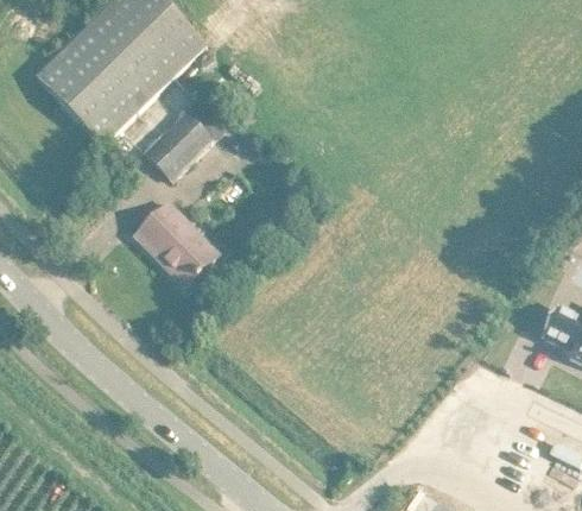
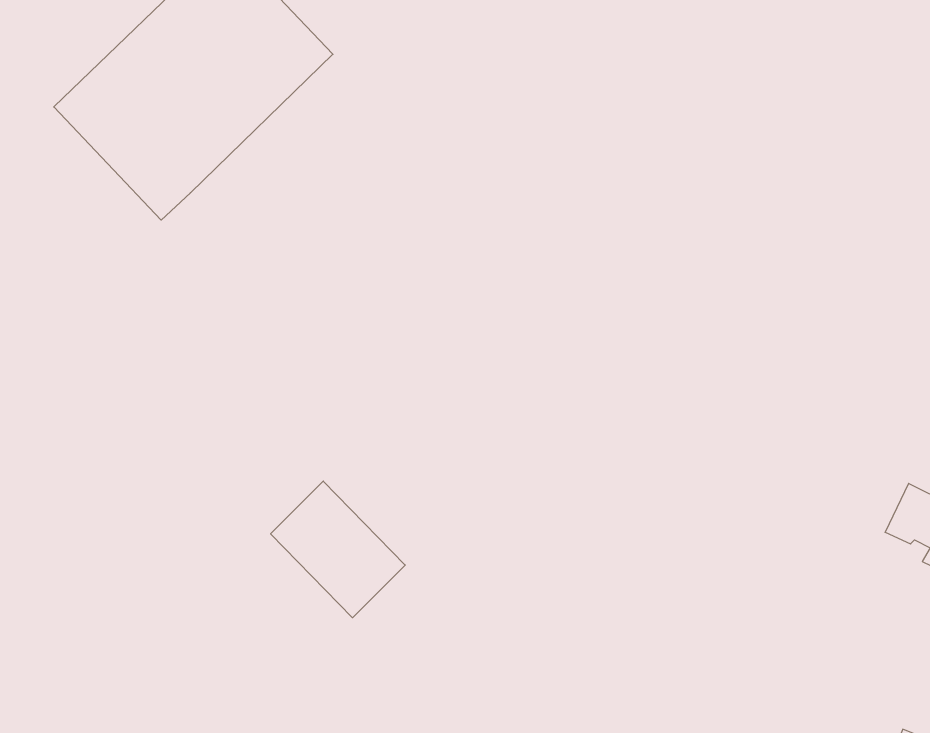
building: [145,109,220,178] -> none
building: [137,202,219,285] -> [271,481,405,618]

